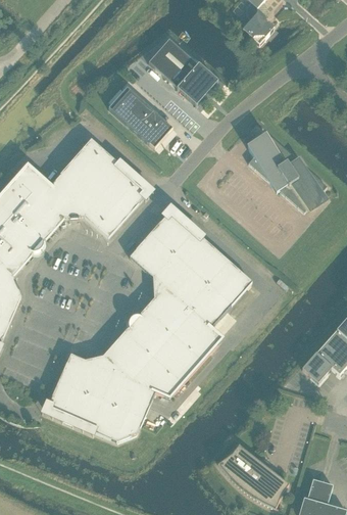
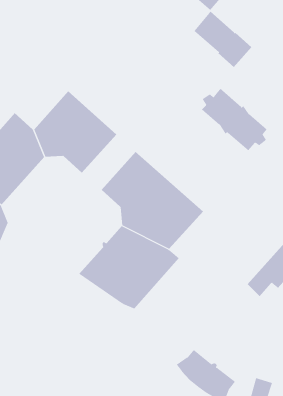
building: [148,38,217,105] -> [193,11,252,68]
building: [108,85,172,147] -> none
building: [46,353,155,440] -> none

